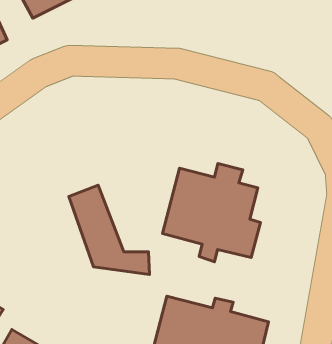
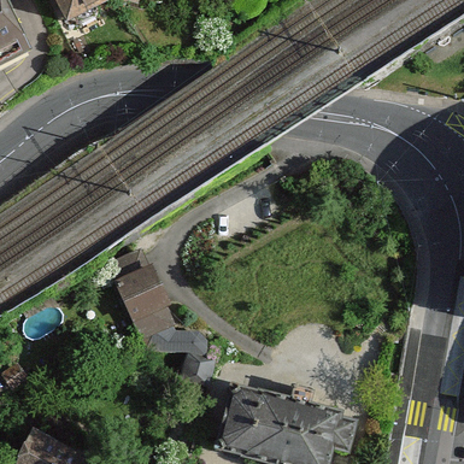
building: [162,164,261,262] -> none

